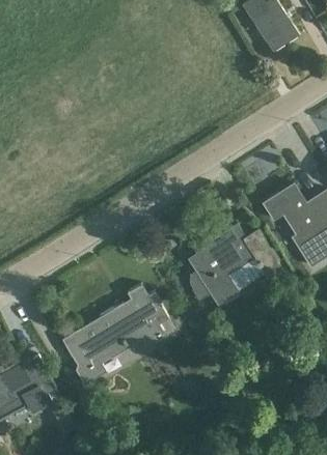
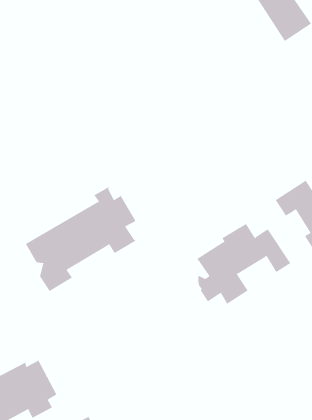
building: [61,284,168,385] -> [25,186,137,292]

